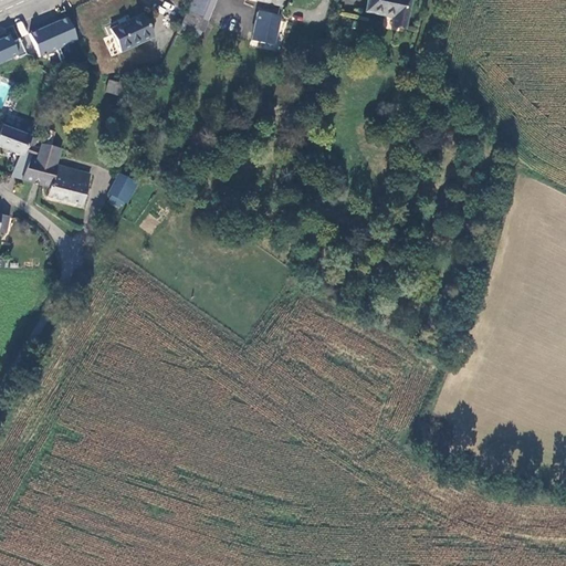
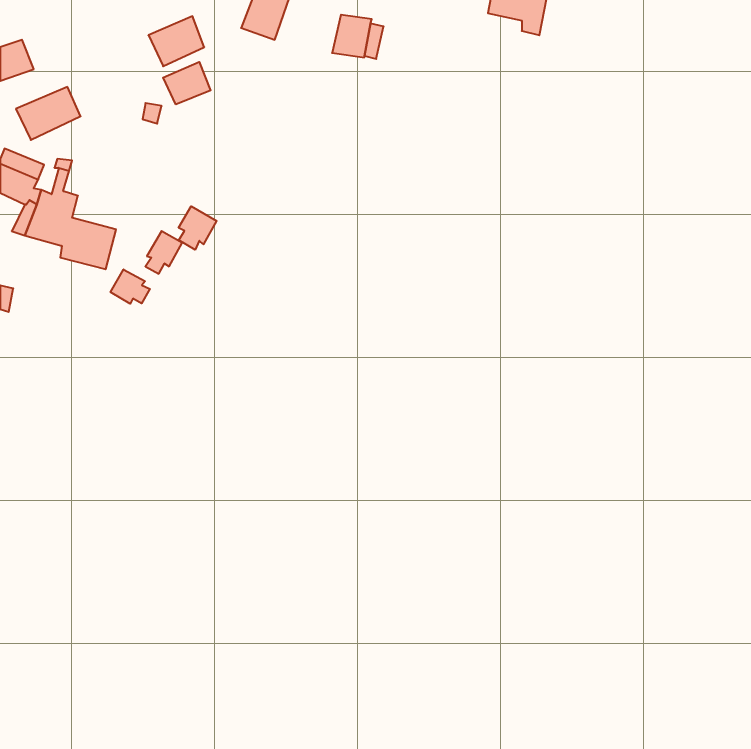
building: [29,15,77,55] -> [16,87,81,140]
building: none -> [163,62,211,104]
building: none -> [179,206,217,250]
building: none -> [111,269,150,304]

